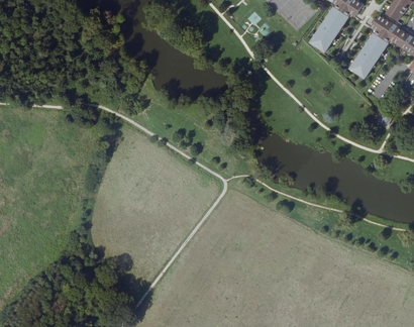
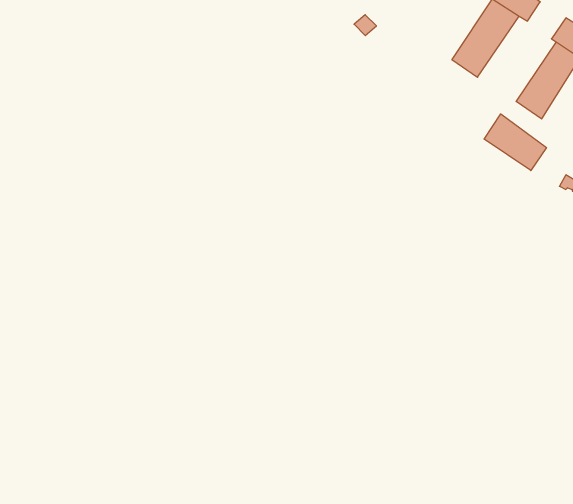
building: none -> [484,114,546,171]

